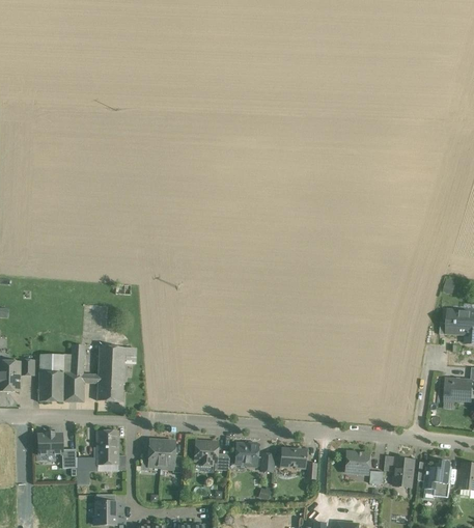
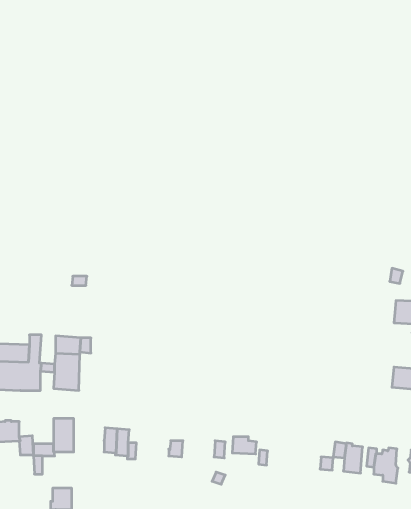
building: [194,441,217,462] -> none
building: [235,444,257,465] -> none
building: [344,451,370,473] -> none

